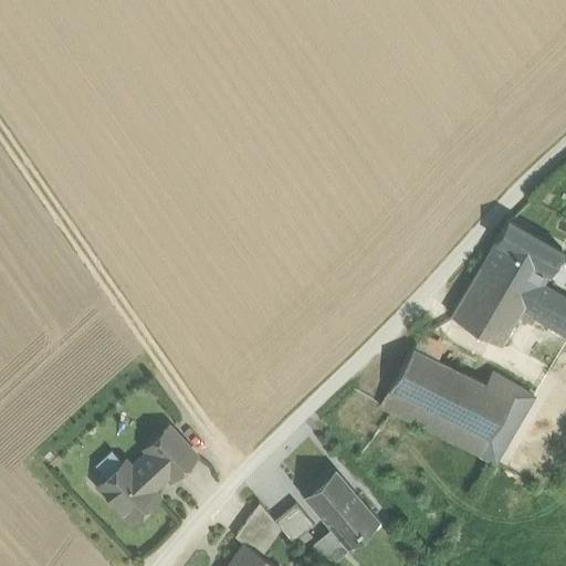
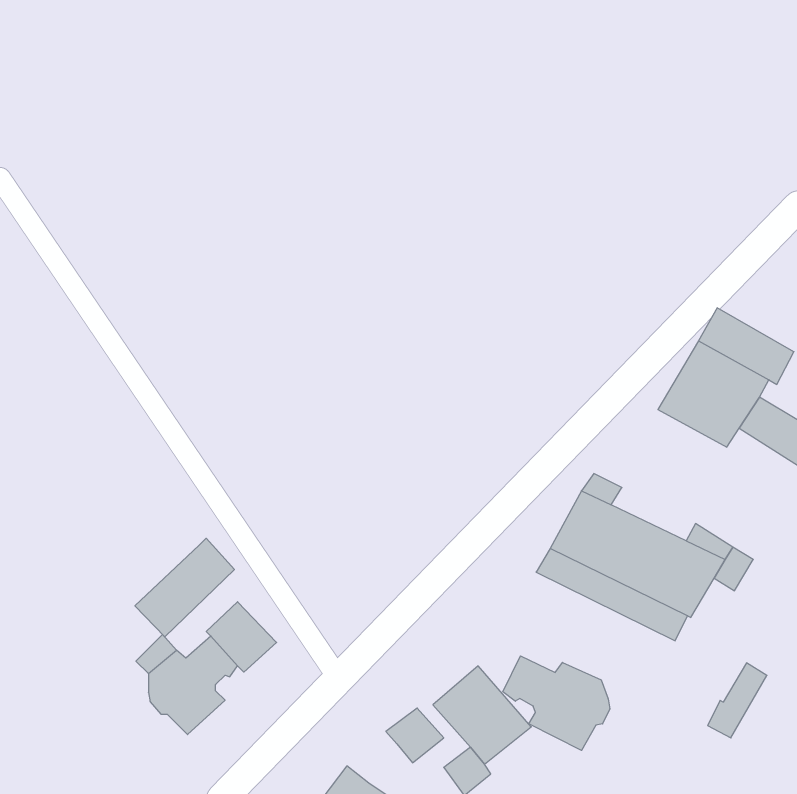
building: [451,293,515,345] -> none
building: none -> [135,538,234,637]
building: [479,412,521,465] -> [708,663,767,738]
building: none -> [503,656,610,750]
building: [235,504,282,557] -> none

